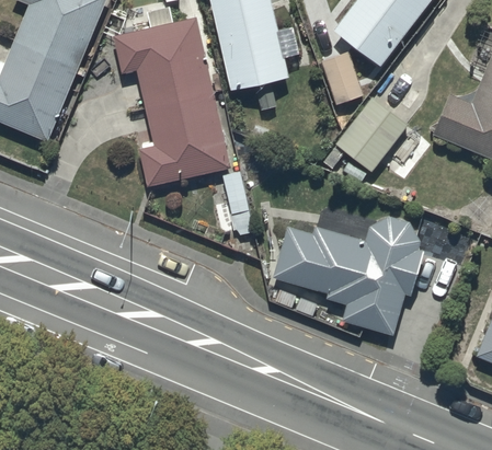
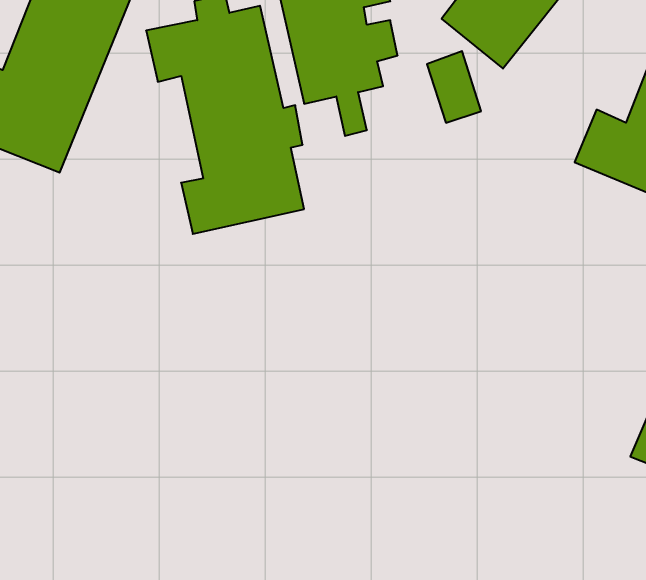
building: [322,95,409,182] -> none
building: [272,216,423,335] -> none

